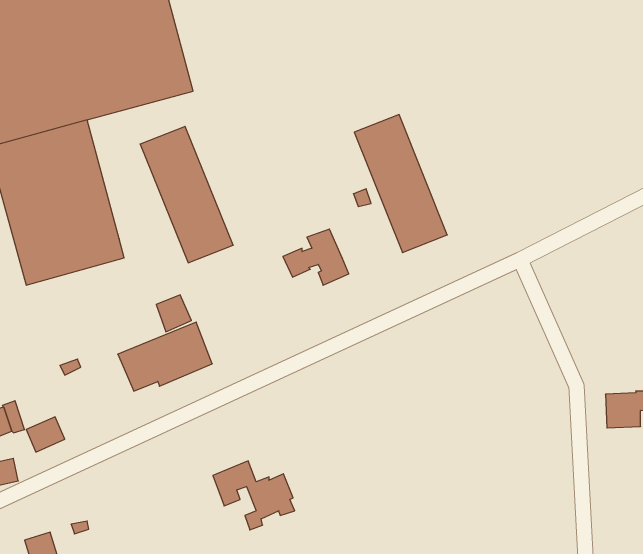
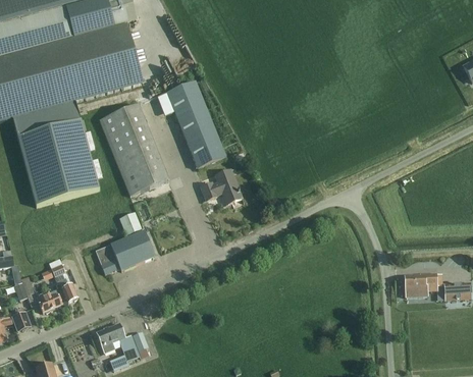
building: [354,115,447,253] -> [166,82,225,169]
building: none -> [53,263,78,302]
building: [213,461,295,530] -> [97,323,149,367]

